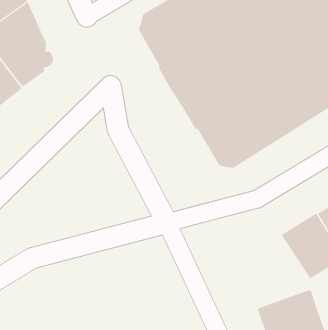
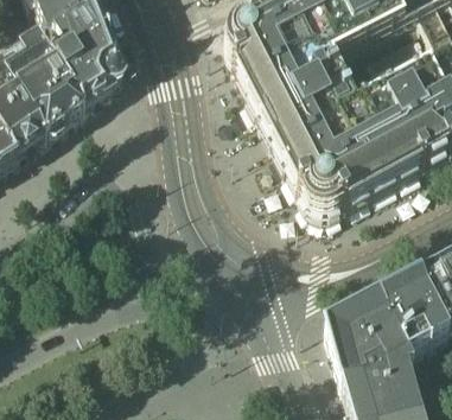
building: none -> [323,299,406,384]

